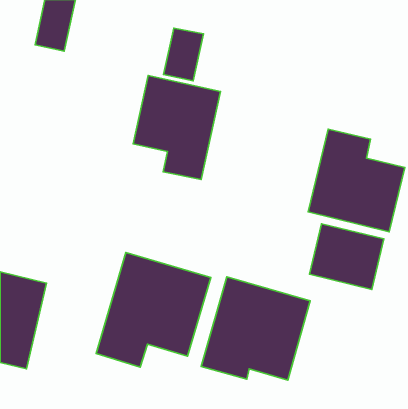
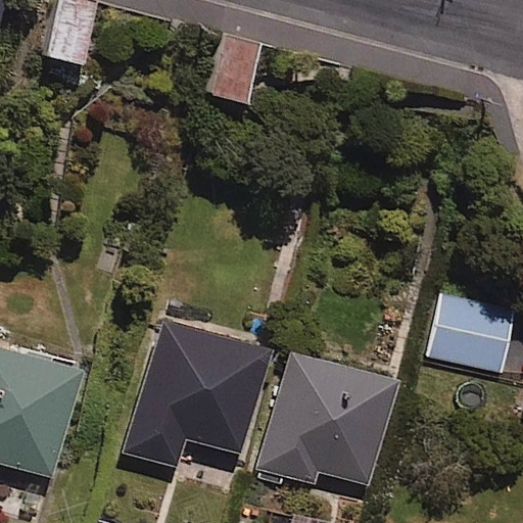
building: [133,76,221,180] -> none
building: [308,129,405,232] -> none

